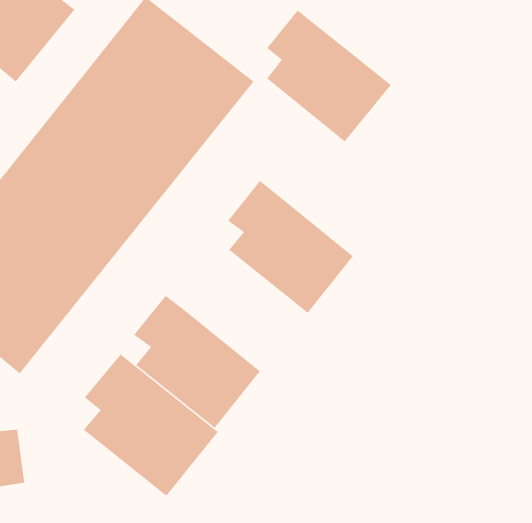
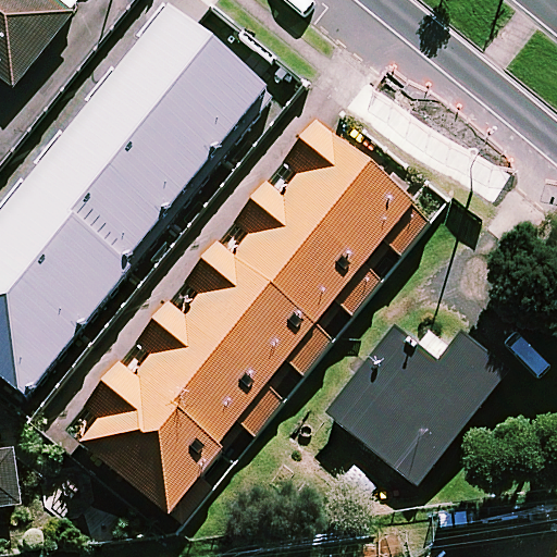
building: [266,10,392,142] -> [286,128,417,267]
building: none -> [186,247,320,386]
building: none -> [329,324,515,484]

